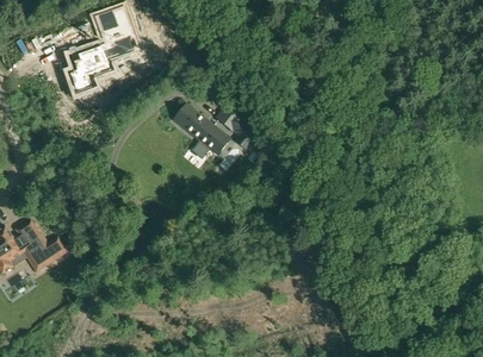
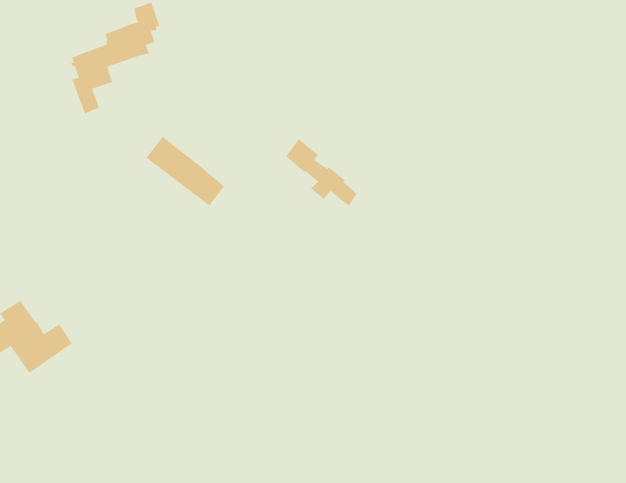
building: [174,106,230,156] -> [146,136,225,207]

